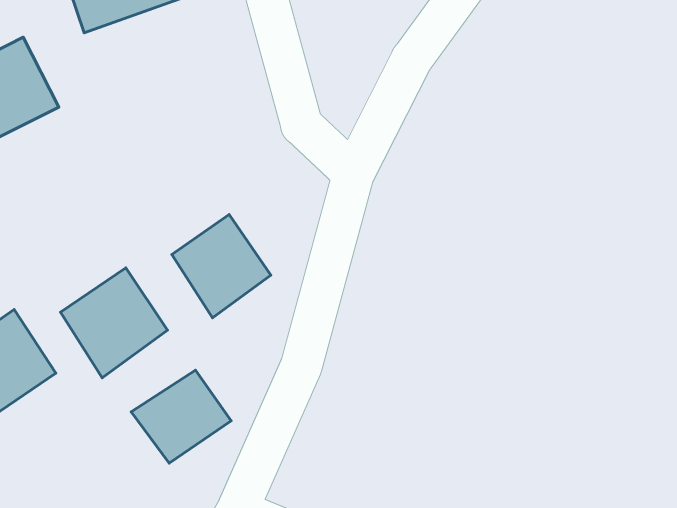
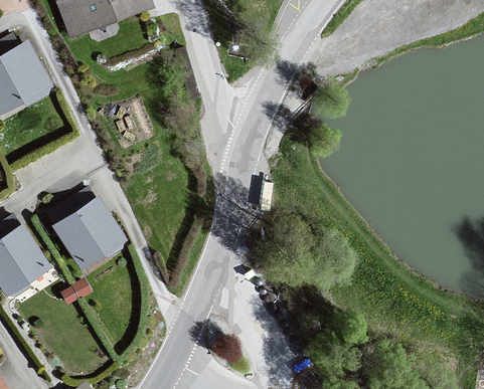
building: [172,214,271,318] -> none
building: [131,370,231,463] -> none

